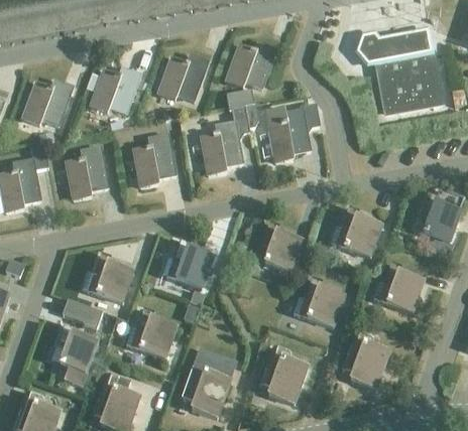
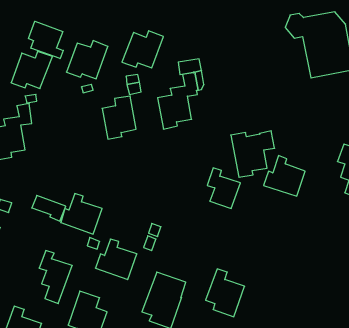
building: [226,42,275,88] -> none
building: none -> [29,21,63,59]
building: [265,105,319,161] -> [231,131,275,177]
building: [66,146,107,198] -> none
building: [161,238,212,288] -> none
building: [372,262,423,311] -> none
building: [294,277,344,326] -> none
building: [62,298,103,329] -> [32,195,66,221]
building: [341,329,389,388] -> none

